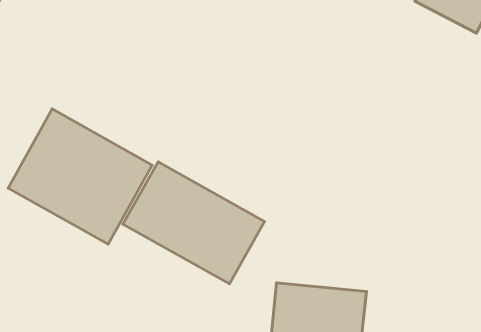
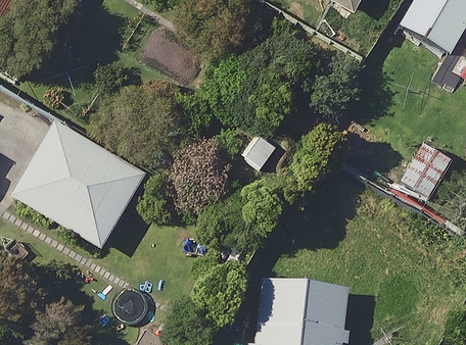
building: [123,162,265,284] -> none

